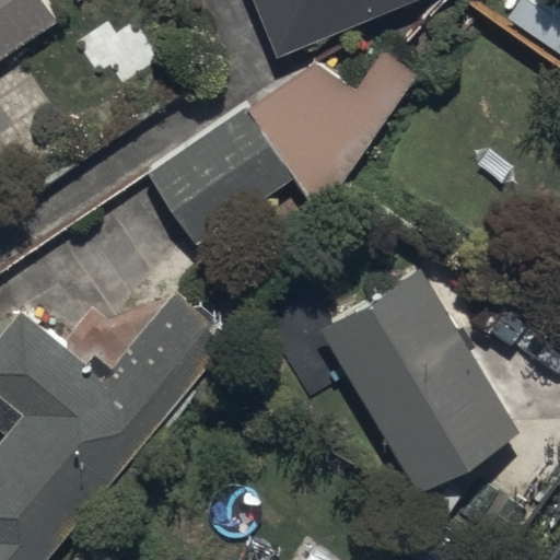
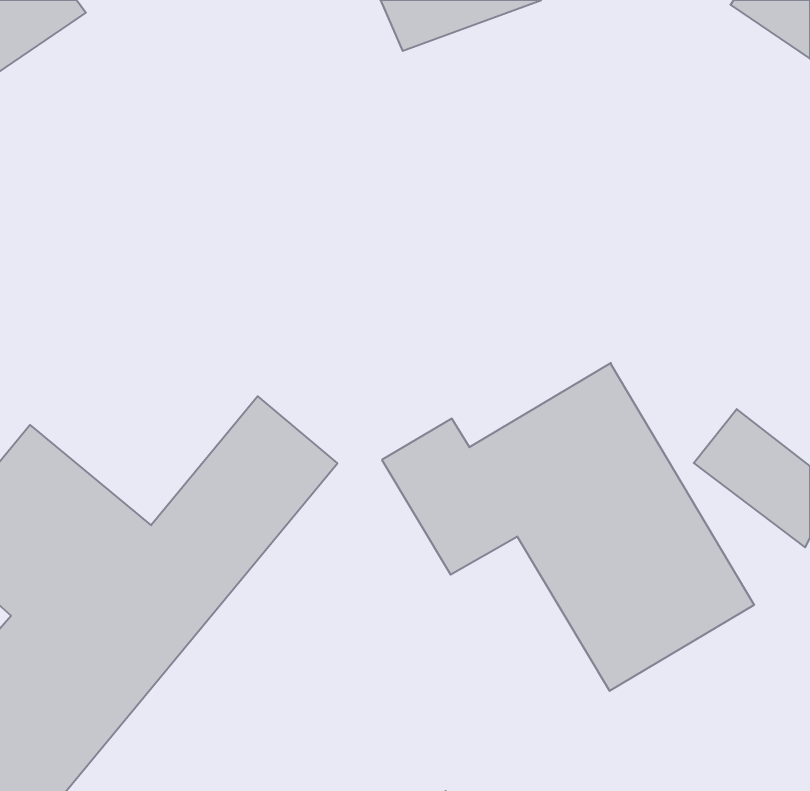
building: [147,52,418,248] -> none

